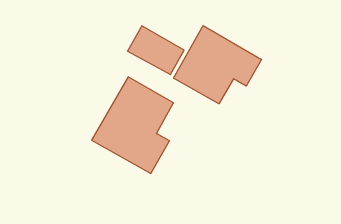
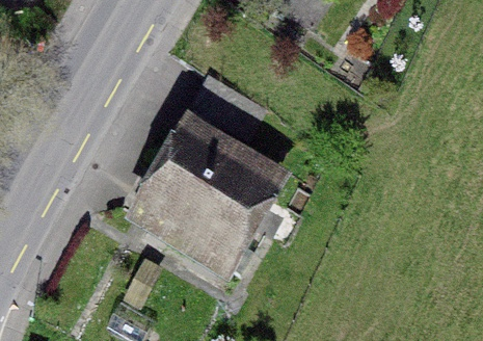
building: [174,26,262,104] -> none

